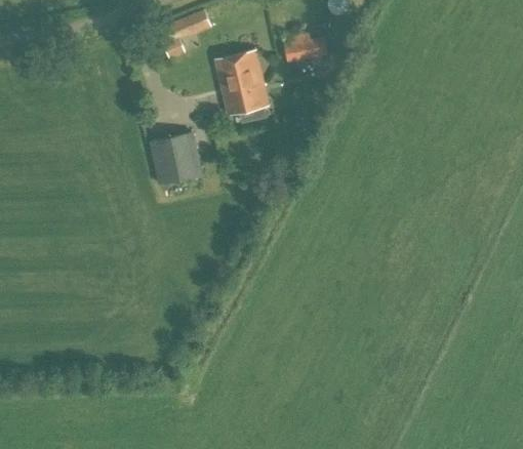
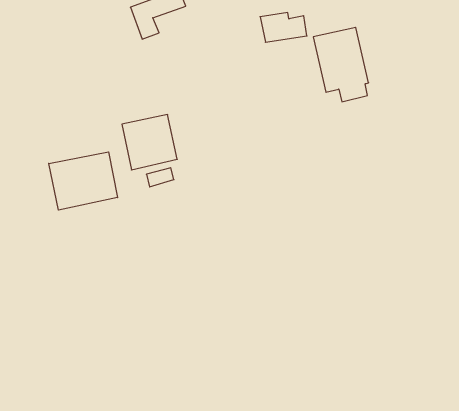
building: [215,51,269,123] -> [313,27,369,102]
building: none -> [49,152,118,210]

